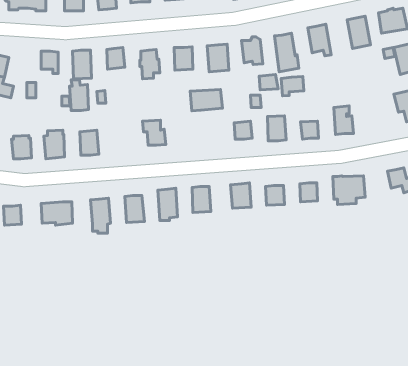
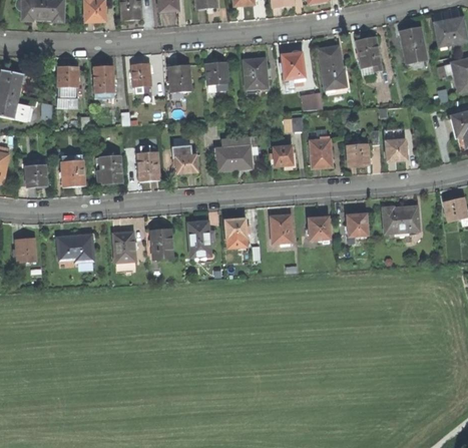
building: [281,76,304,96] -> none
building: [69,80,88,110] -> [138,145,159,179]
building: [190,89,222,111] -> [216,145,253,169]

